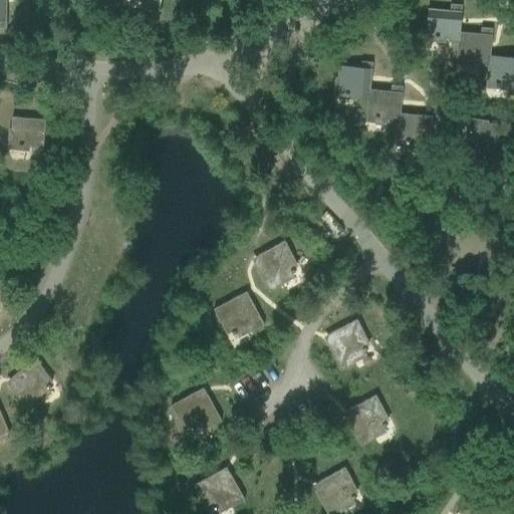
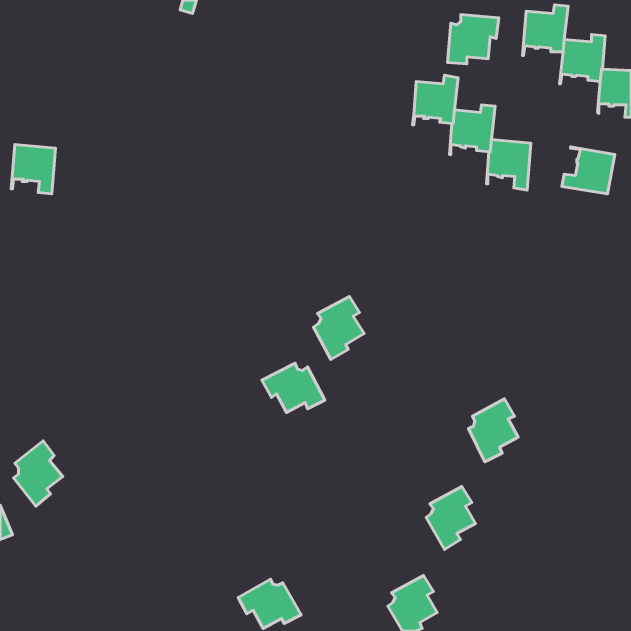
building: none -> [447,15,499,64]
building: [327,319,367,370] -> [469,399,518,462]
building: [171,392,221,432] -> none

